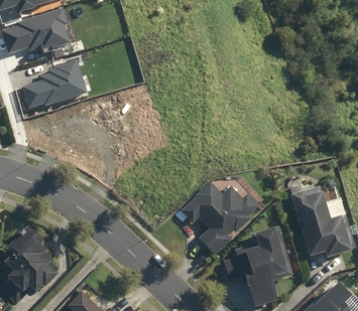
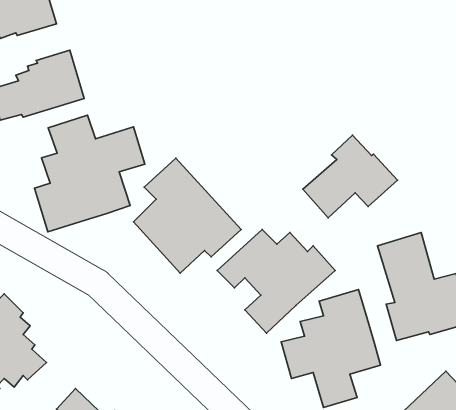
building: none -> [34,115,145,232]
building: none -> [303,135,397,218]
building: none -> [133,158,241,273]

